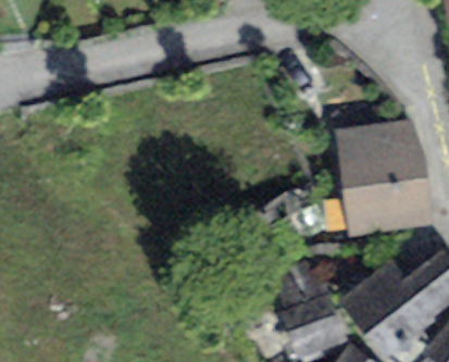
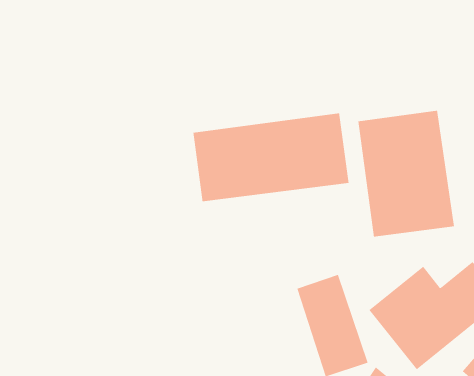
building: none -> [193,112,349,202]

